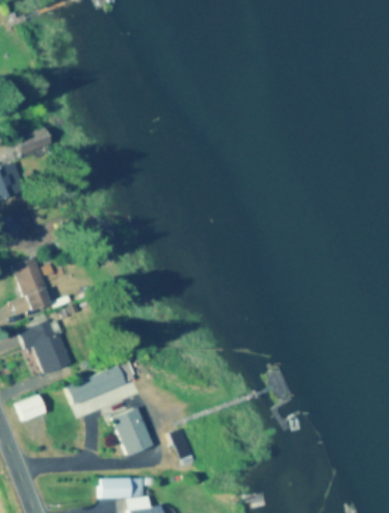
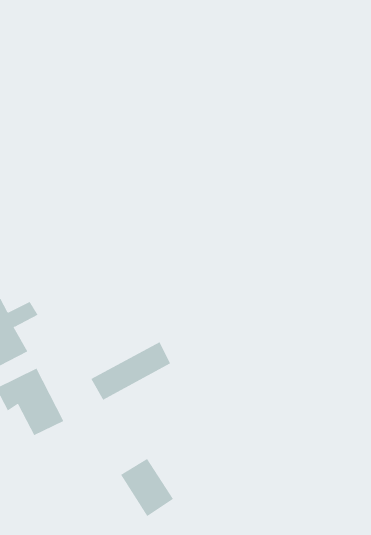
building: [67,363,135,405] -> [91,342,171,401]
building: [18,396,47,423] -> none

